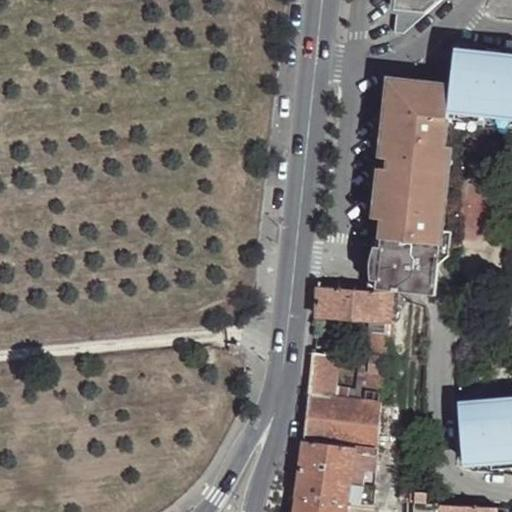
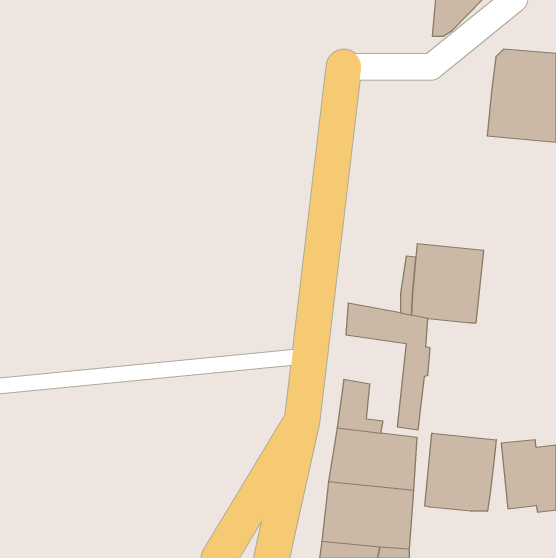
building: [373,77,449,229] -> none
building: none -> [425,433,496,511]

